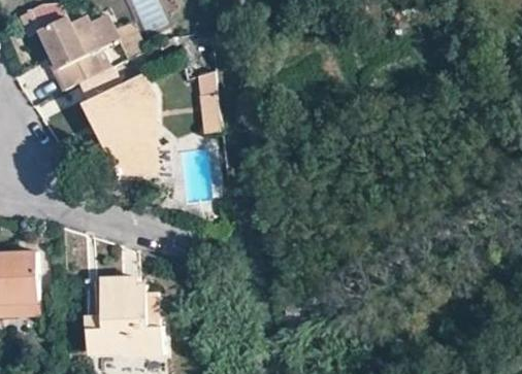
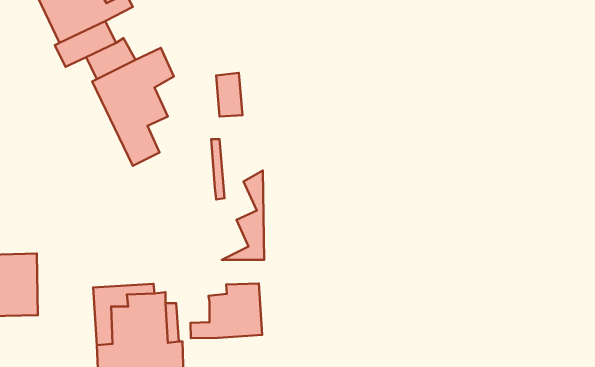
building: [120,100,156,176] -> [222,171,264,260]
building: none -> [191,283,262,338]

